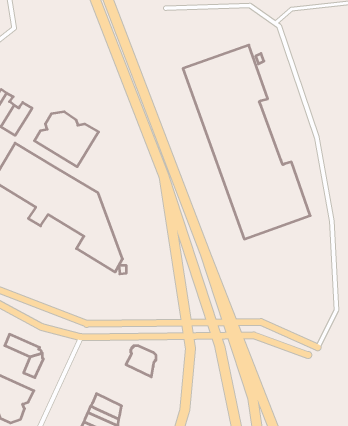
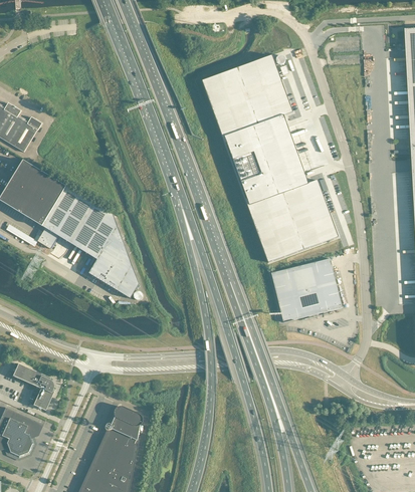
building: [34,112,99,167] -> none
building: none -> [270,258,342,321]
building: [126,346,156,377] -> [110,407,142,440]

